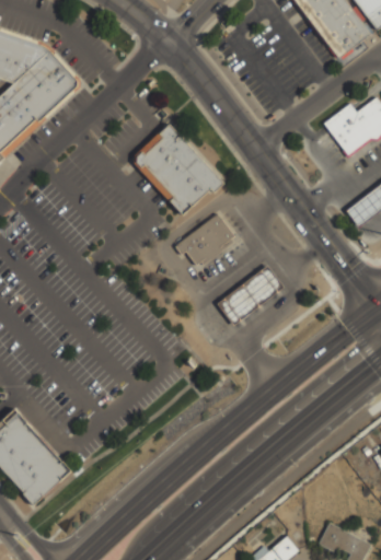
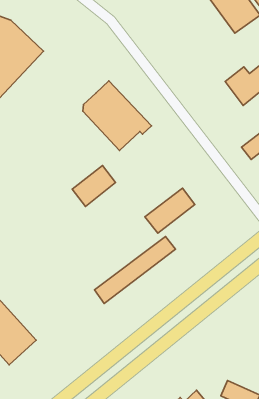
building: [177,214,235,269] -> [72,165,116,206]
building: none -> [94,236,176,303]

